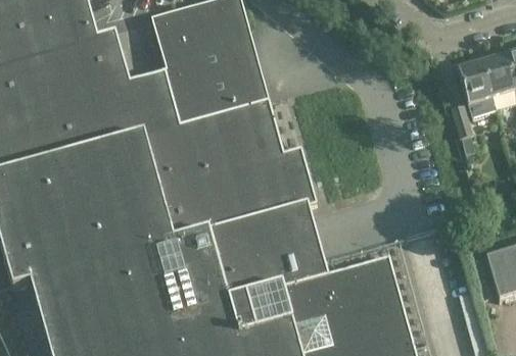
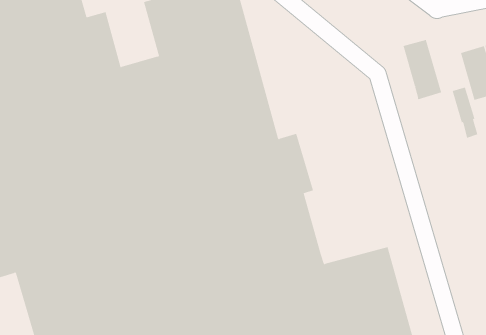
building: none -> [403,39,442,100]

